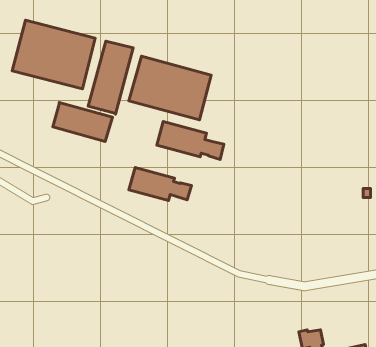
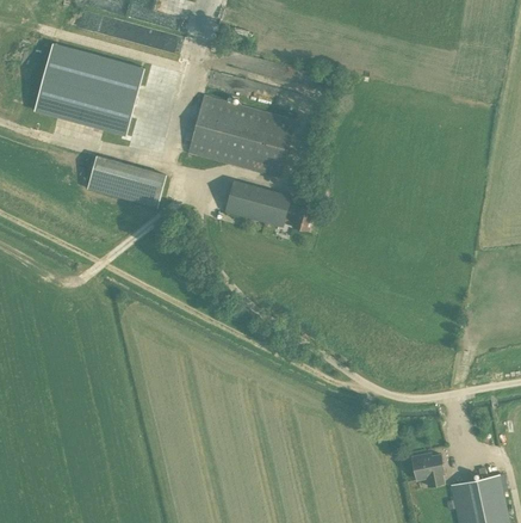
building: [88,41,133,114] -> none
building: [129,168,191,201] -> none

